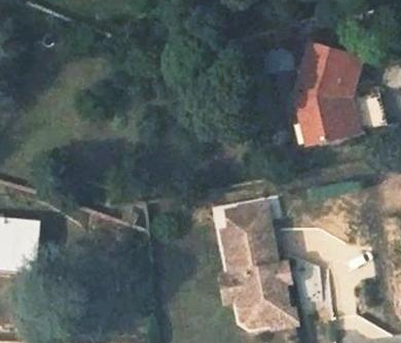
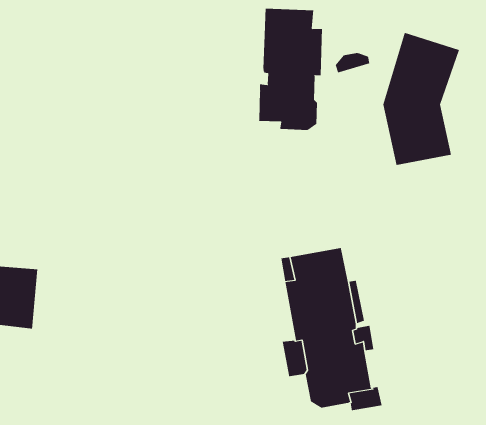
building: none -> [258,8,322,131]
building: [339,56,364,135] -> none

